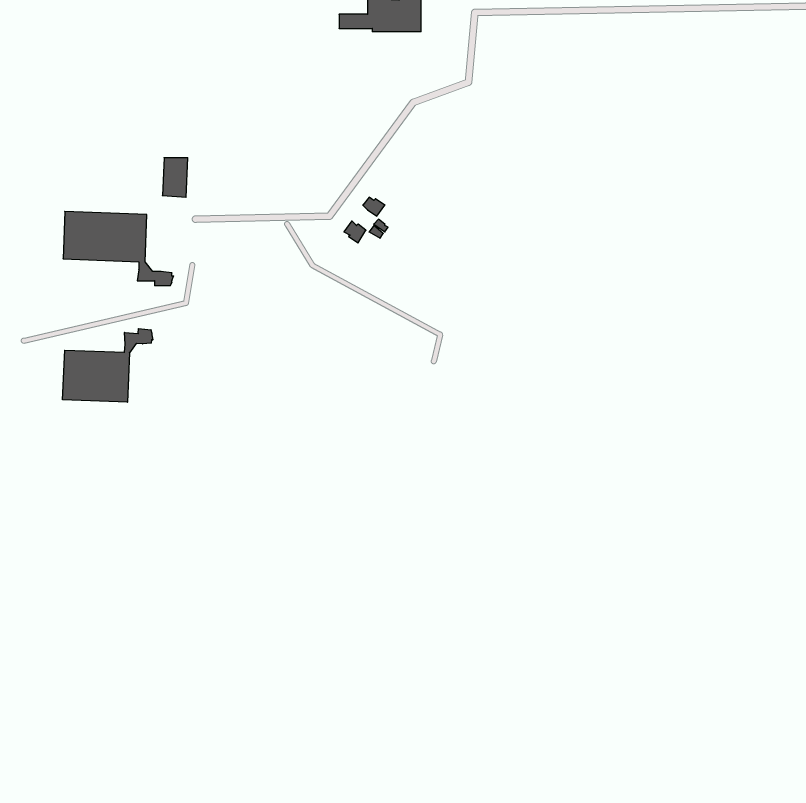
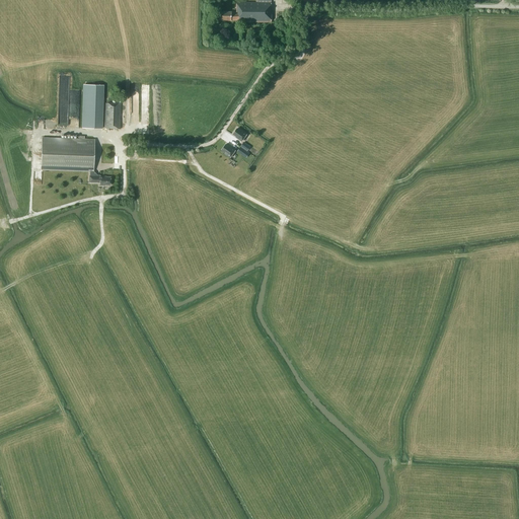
building: none -> [82,83,103,127]
building: [63,329,153,402] -> none

